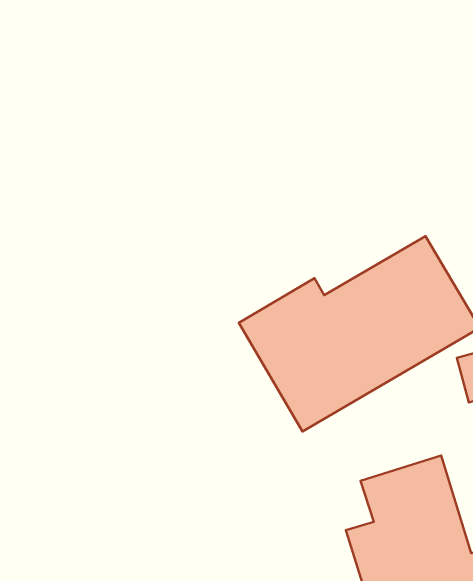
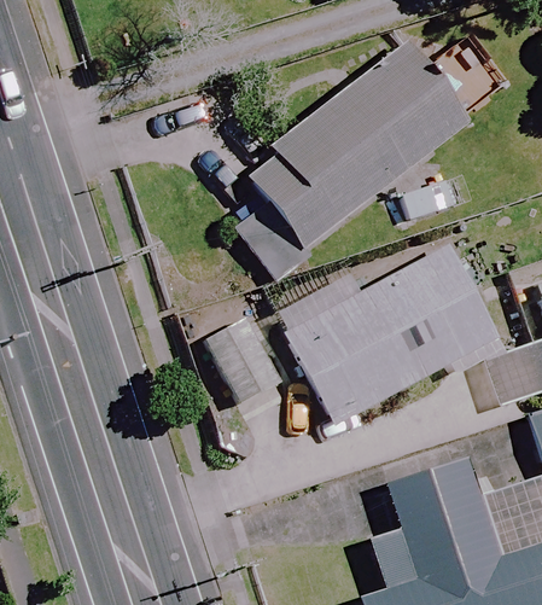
building: none -> [246,39,472,249]

